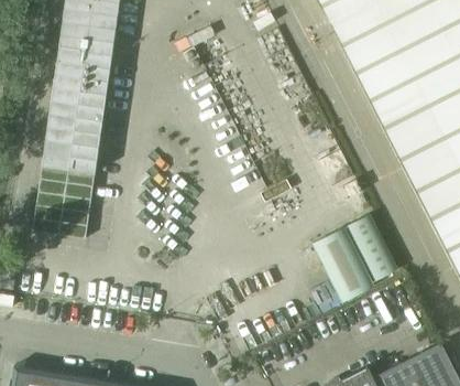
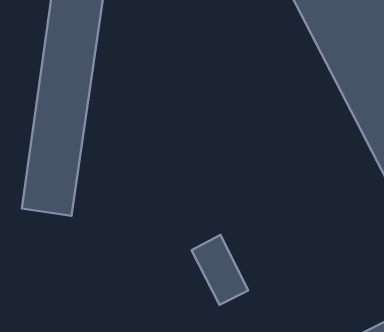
building: [348,215,398,285] -> none
building: [313,227,373,302] -> [192,235,248,305]

